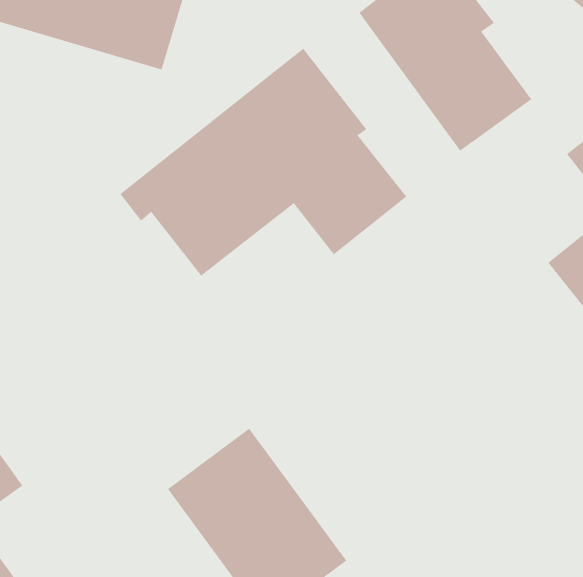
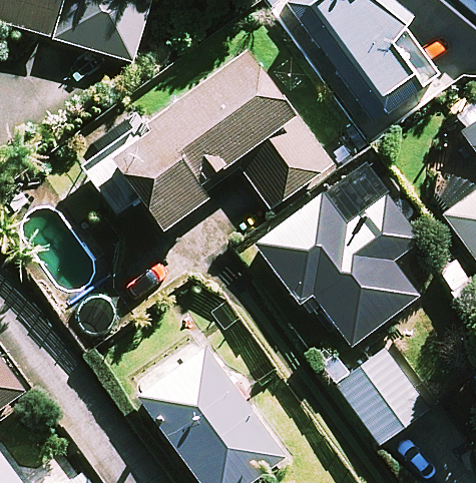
building: none -> [255,161,422,346]
building: none -> [337,349,431,445]

